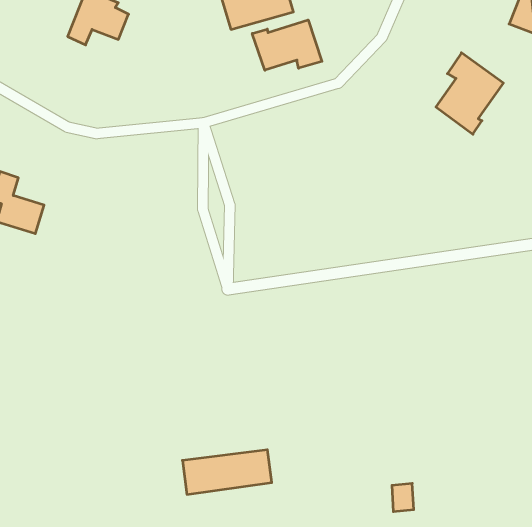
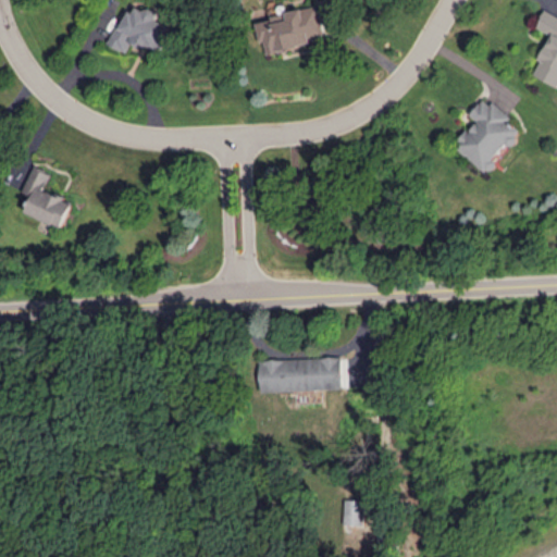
building: [252,20,322,70] -> none
building: [182,450,272,494] -> [258,358,341,393]
building: [392,483,414,512] -> [341,500,361,525]

